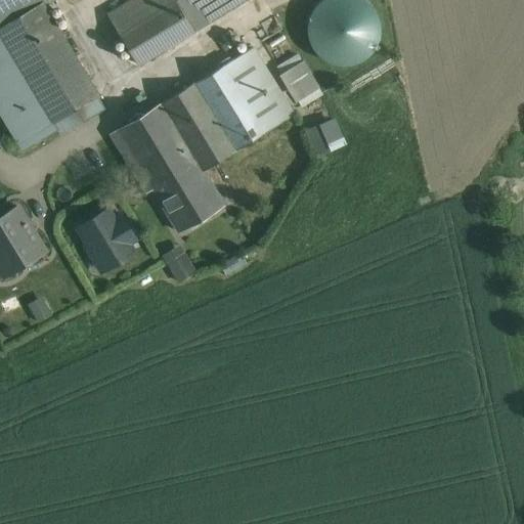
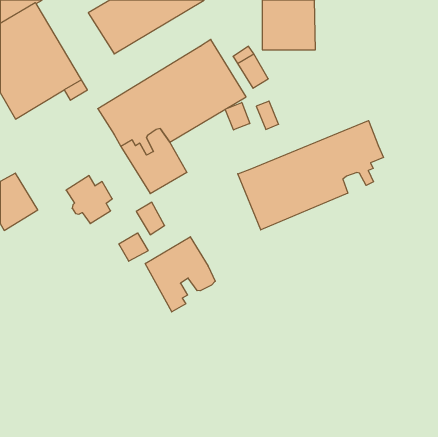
building: none -> [225,102,250,130]
building: none -> [238,121,384,230]
building: none -> [119,233,148,261]
building: none -> [145,237,215,312]

